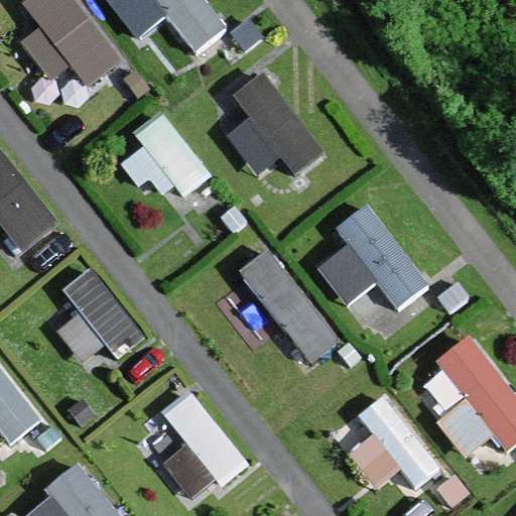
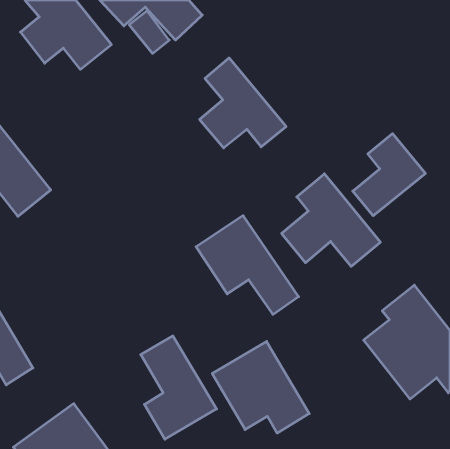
building: [118,120,204,206] -> none
building: none -> [353,134,425,216]
building: [47,267,136,360] -> none
building: [332,390,441,494] -> [212,341,309,433]

